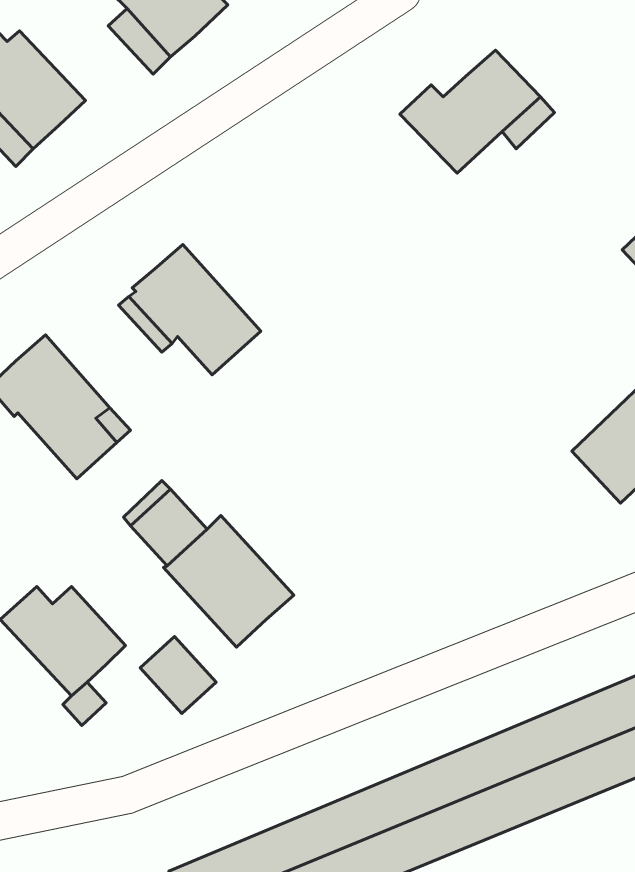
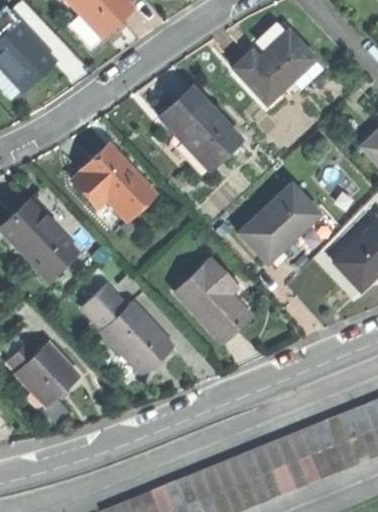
building: none -> [160,87,243,169]
building: none -> [240,184,321,264]
building: none -> [175,261,252,344]
building: [140,637,216,713] -> none

